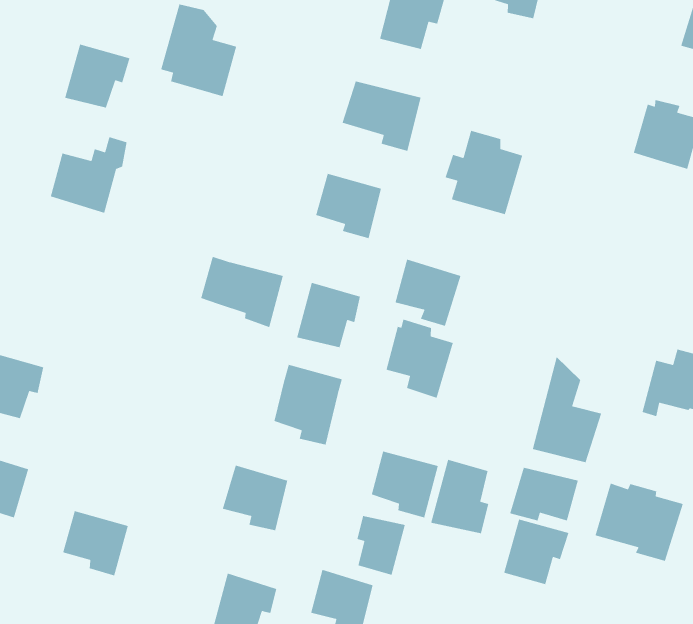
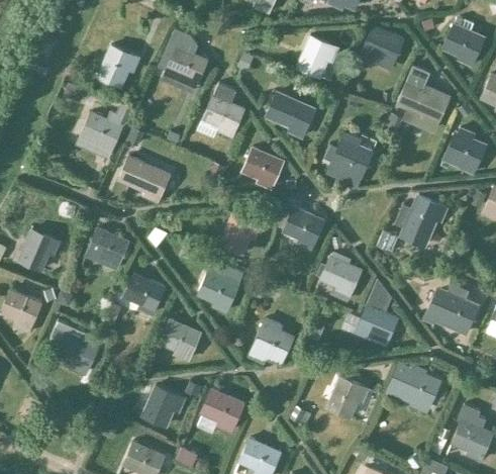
building: none -> [395,67,450,129]
building: none -> [203,84,243,136]
building: none -> [396,196,447,247]
building: [200,256,284,328] -> [117,155,171,204]
building: [385,318,454,399] -> [318,250,363,302]
building: none -> [85,225,129,271]
building: none -> [122,271,166,315]
building: [430,459,489,534] -> none
building: [509,467,579,521] -> none
building: [357,515,406,576] -> none

